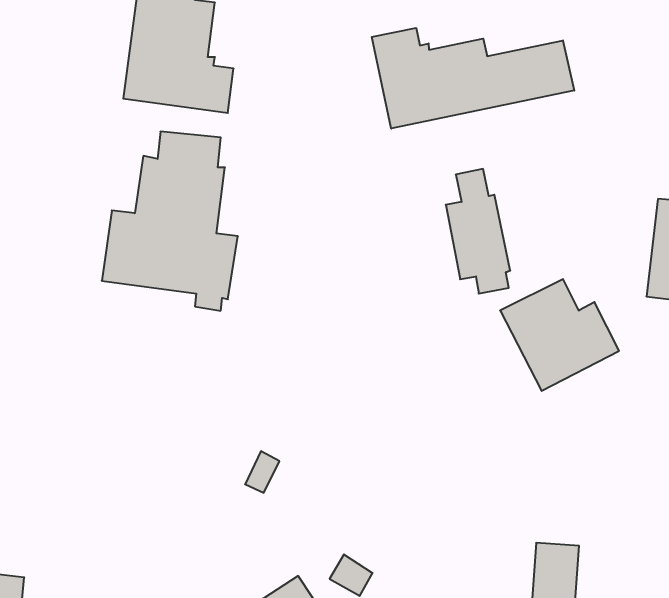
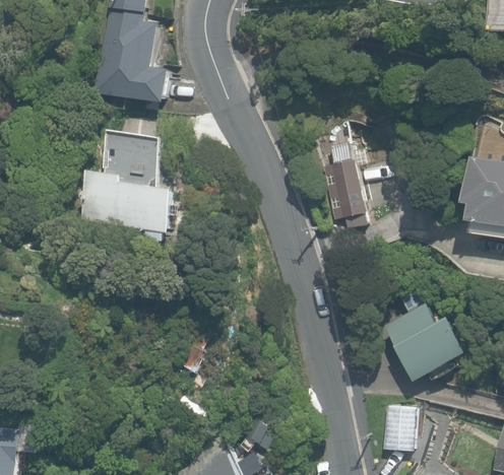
building: [372,28,574,129] -> none
building: [500,279,619,391] -> [387,301,471,381]

